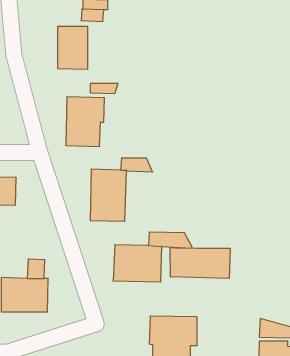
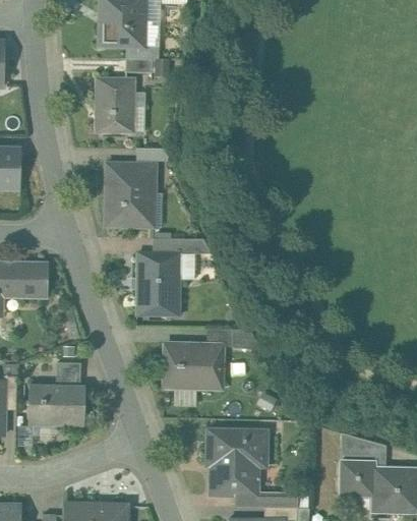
building: [170,248,230,278] -> none

